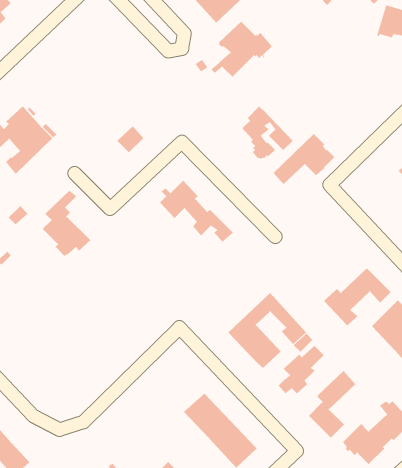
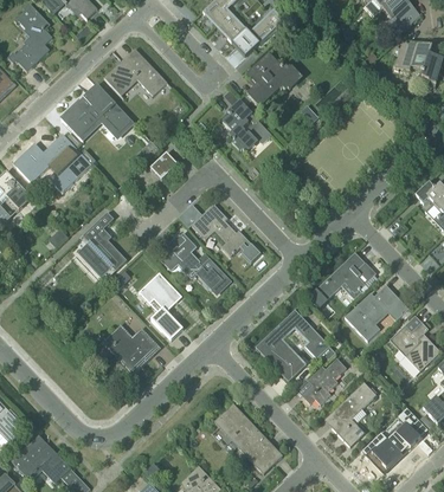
building: none -> [104,50,167,96]
building: none -> [60,84,134,154]
building: [242,106,293,160] -> [223,101,271,151]
building: [272,133,335,185] -> [315,252,374,300]
building: none -> [157,233,231,294]
building: none -> [139,273,182,341]
building: none -> [104,324,159,374]

